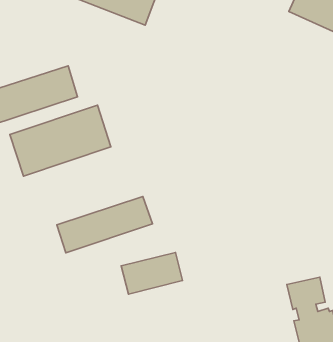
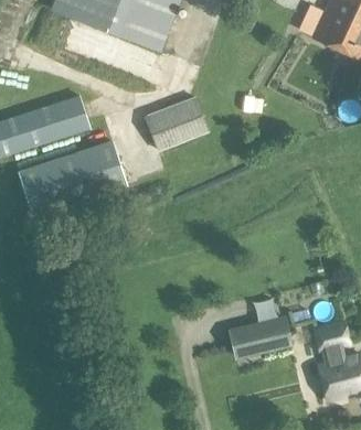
building: none -> [145,97,209,151]
building: [57,197,153,253] -> none
building: [121,252,183,294] -> [227,315,293,359]

